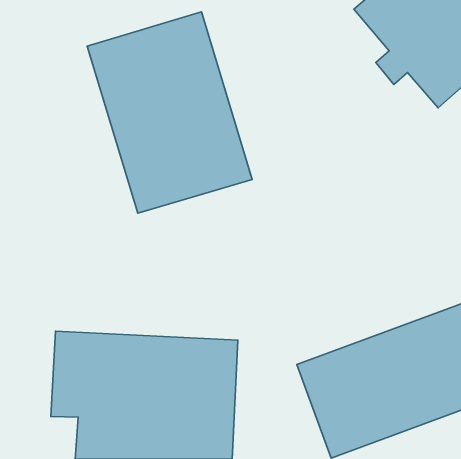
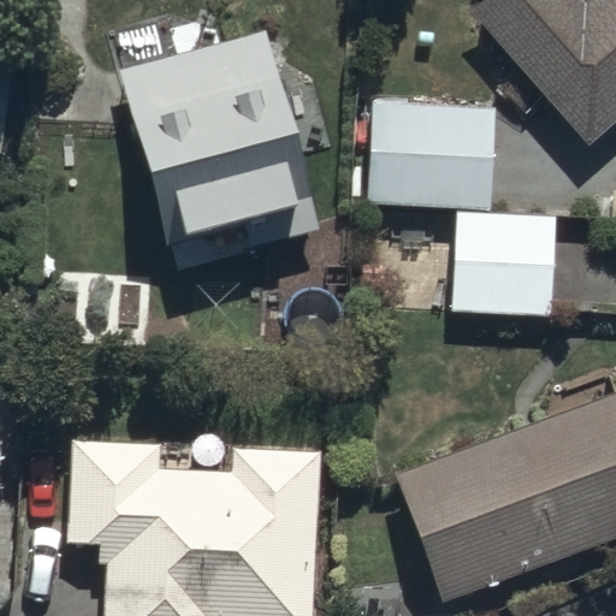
building: none -> [351,101,494,208]
building: none -> [452,212,553,314]

